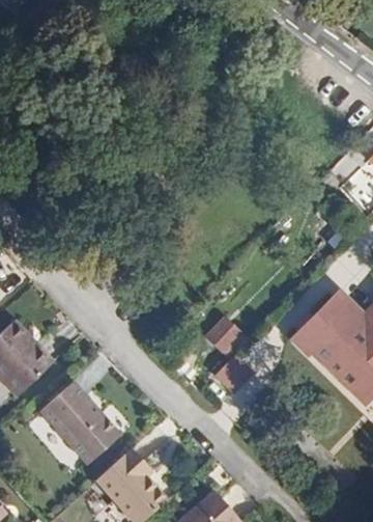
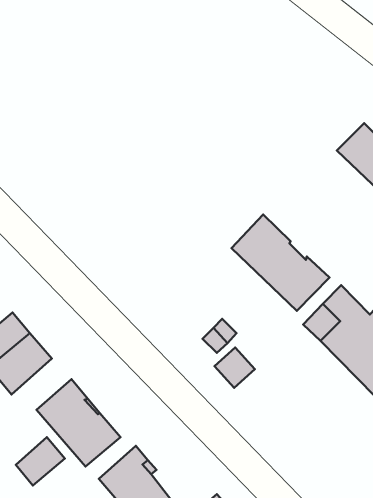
building: none -> [232,215,329,311]
building: none -> [16,437,65,486]

